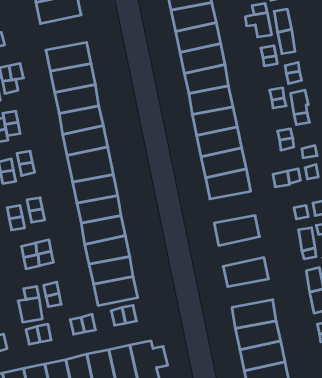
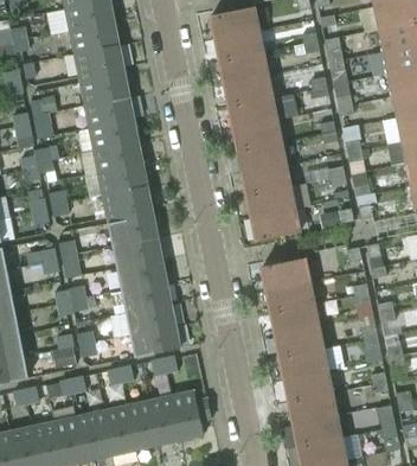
building: none -> [75,43,124,81]
building: none -> [265,280,314,312]
building: none -> [275,325,323,356]

